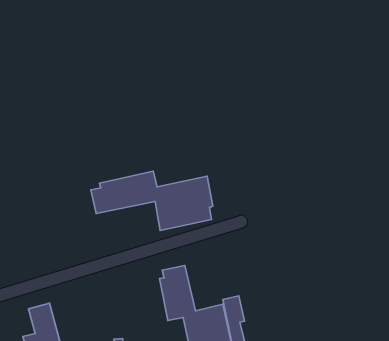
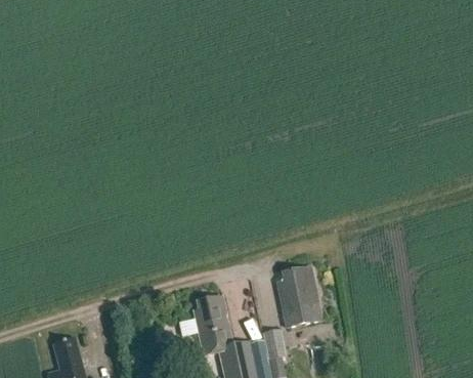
building: [91,171,213,230] -> none
building: none -> [276,266,320,327]

